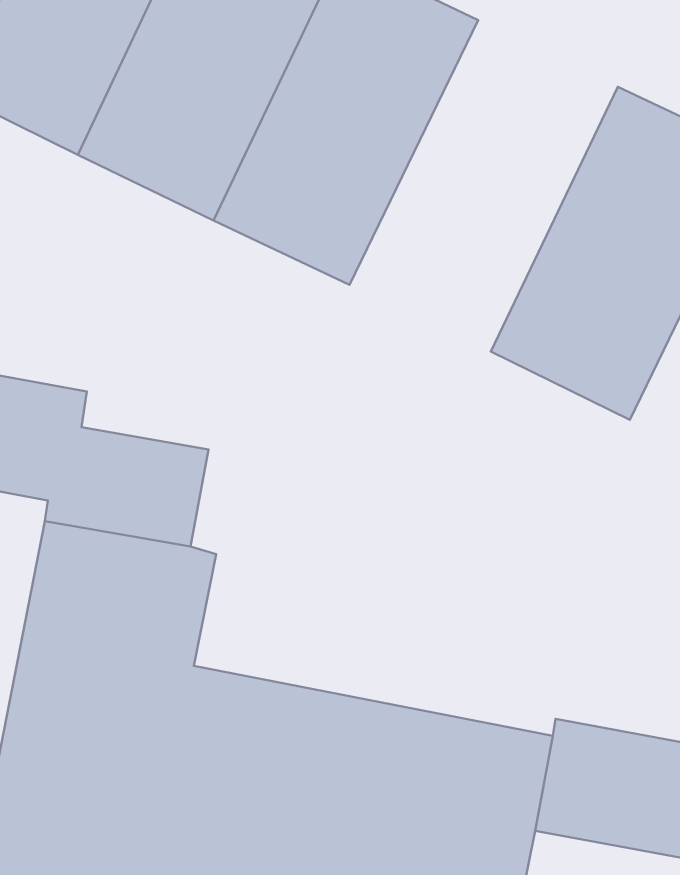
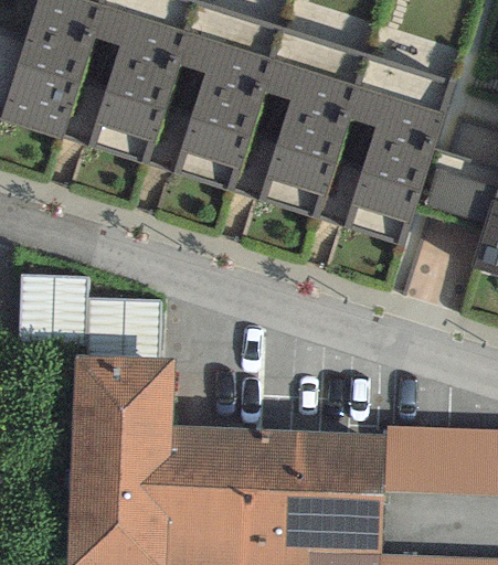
building: none -> [230,30,368,220]

